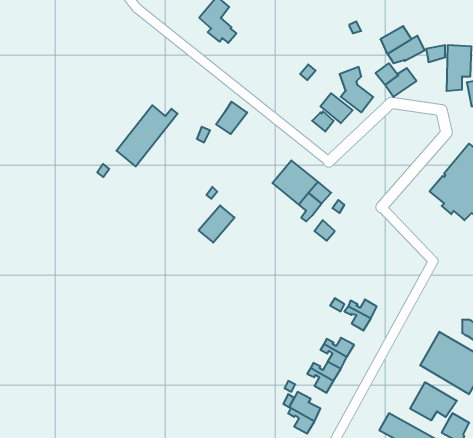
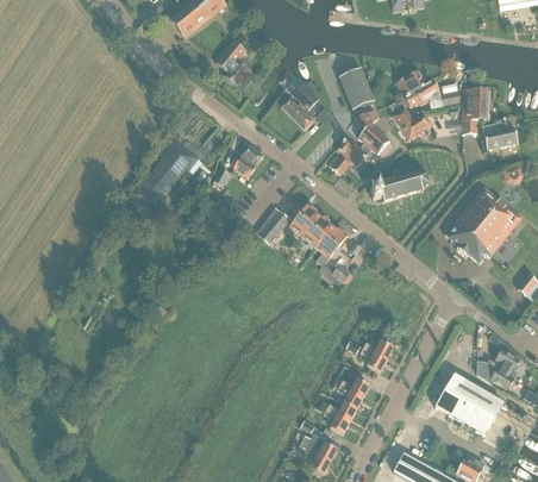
building: none -> [338,67,374,109]
building: none -> [281,82,318,129]
building: none -> [369,170,428,201]
building: [199,205,235,243] -> [254,206,289,243]
building: [410,382,457,420] -> none

